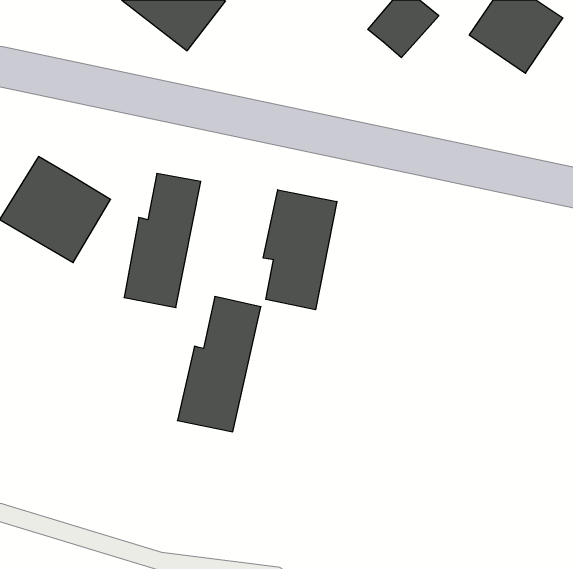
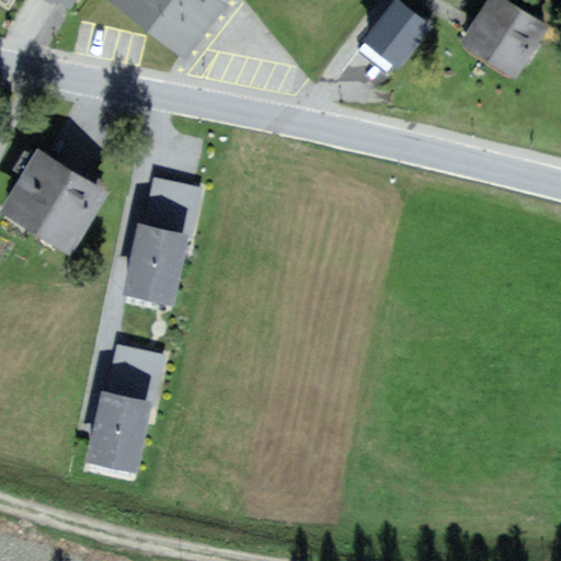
building: [263,190,337,310] -> none
building: [177,297,261,432] -> [83,337,164,469]

